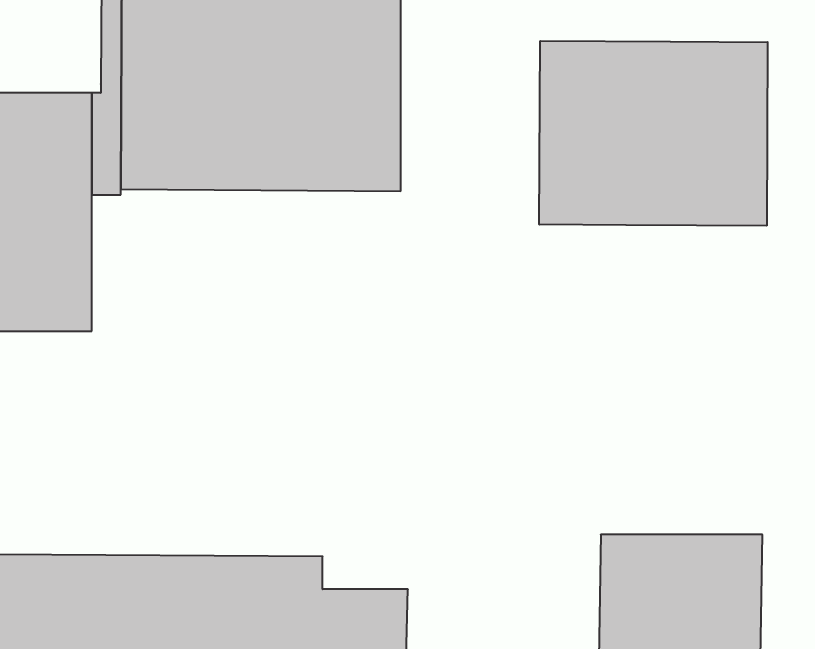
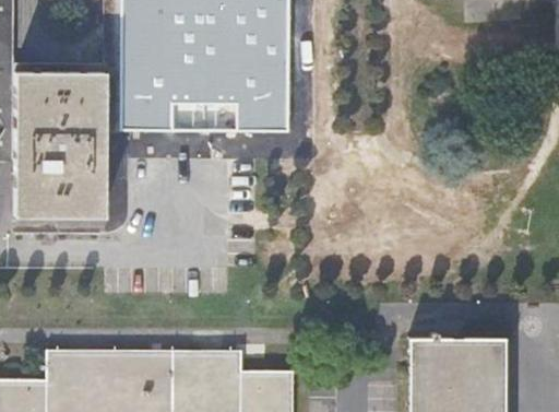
building: [539,41,768,226] -> none

